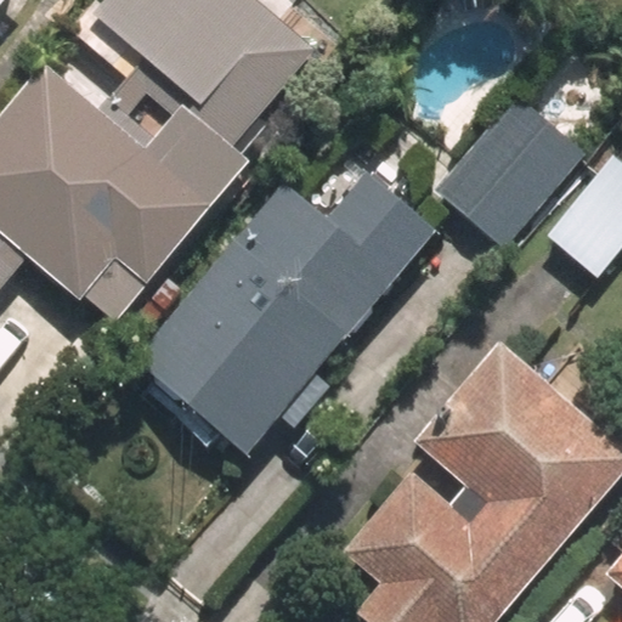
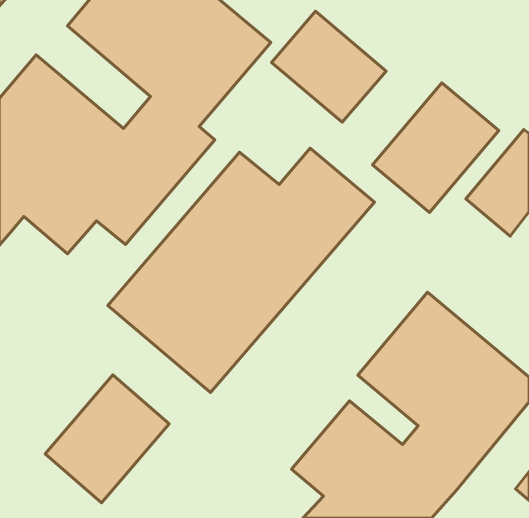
building: none -> [272,11,386,122]
building: none -> [45,375,169,503]

